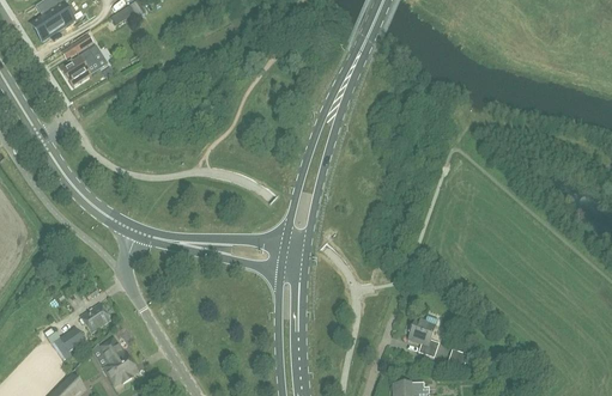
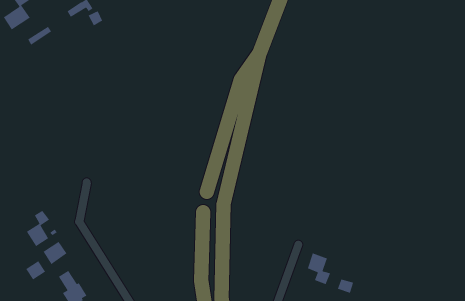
building: [61,49,92,84] -> none
building: none -> [26,210,50,247]

